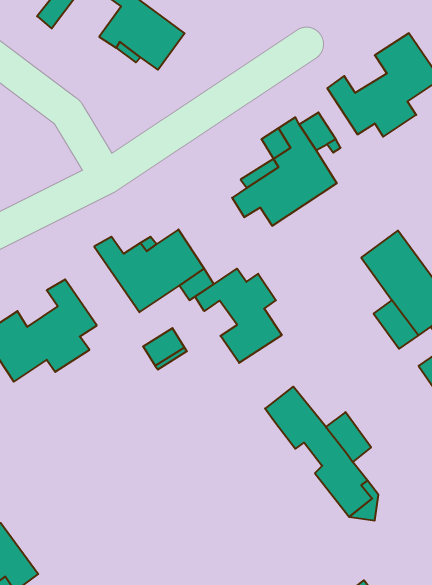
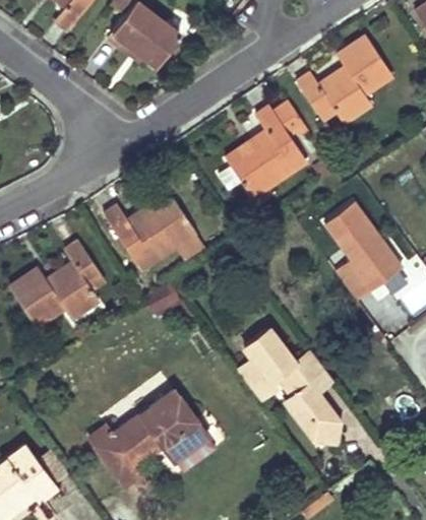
building: [195,269,282,363] -> none
building: none -> [237,360,293,403]
building: none -> [88,390,206,485]

